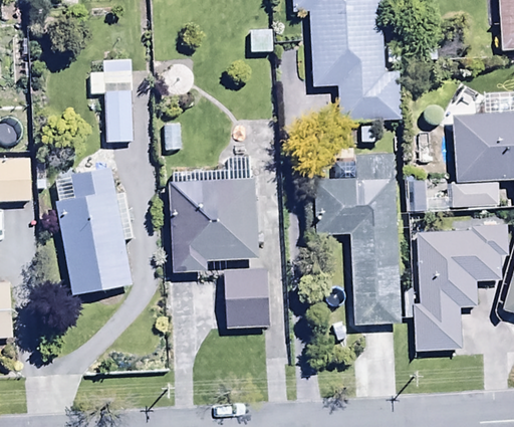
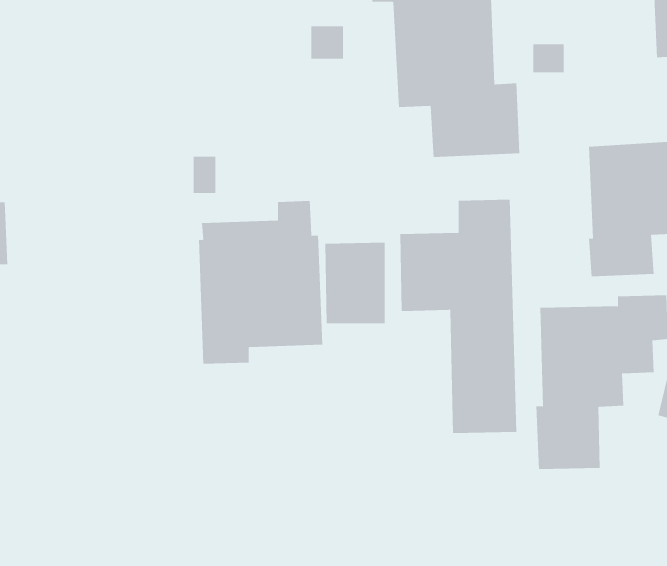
building: [90,58,133,142] -> none
building: [55,167,134,293] -> none
building: [225,268,269,328] -> [324,242,386,324]

